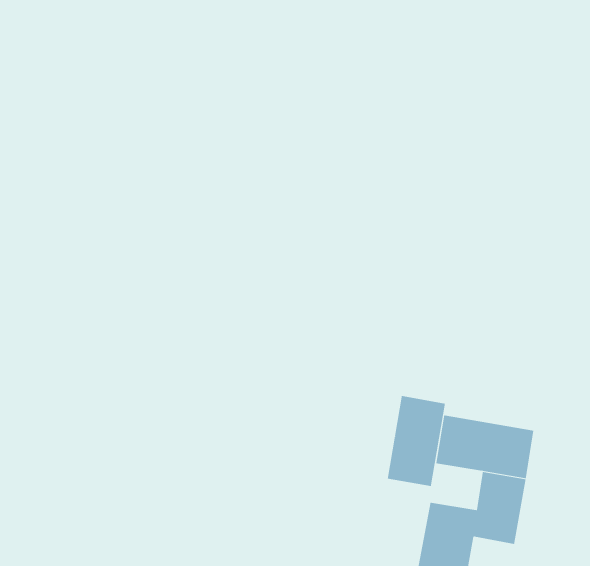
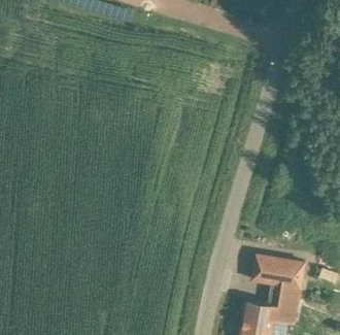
building: [387,395,445,487] -> none

